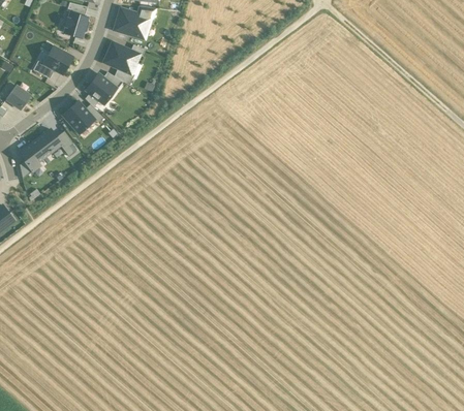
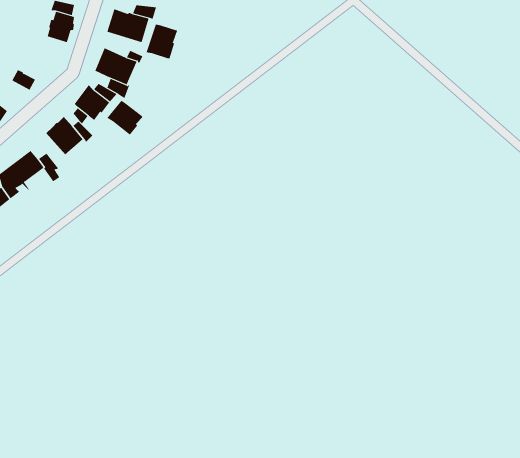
building: none -> [146,24,178,59]
building: [43,45,72,74] -> none
building: none -> [107,100,143,136]

